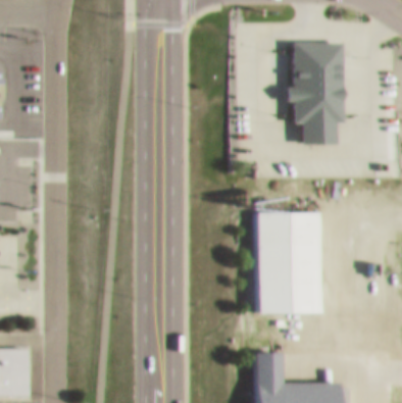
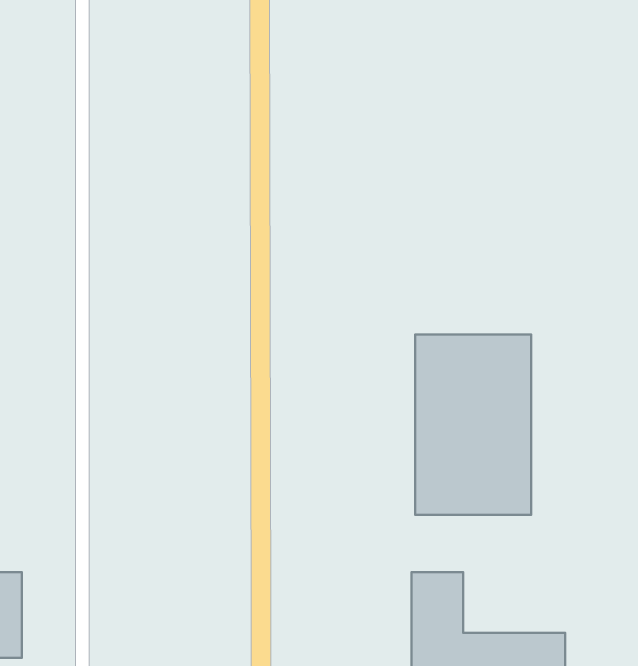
building: [292,43,343,145] -> none

